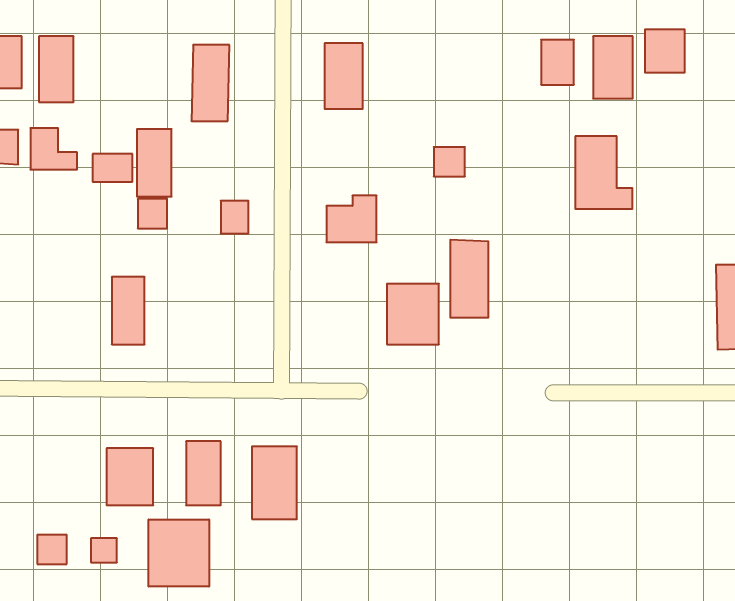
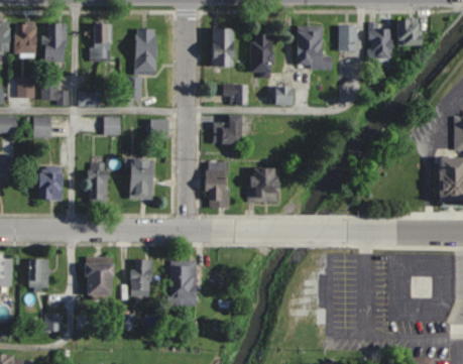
building: none -> [251,32,272,74]
building: [137,129,172,197] -> [90,22,110,62]
building: [575,136,632,209] -> [298,25,331,68]
building: none -> [223,85,246,105]
building: none -> [32,116,50,138]
building: [450,240,488,318] -> [206,161,228,207]
building: none -> [131,159,153,199]
building: none -> [39,166,63,200]
building: none -> [28,259,47,291]
building: [149,519,209,587] -> none

